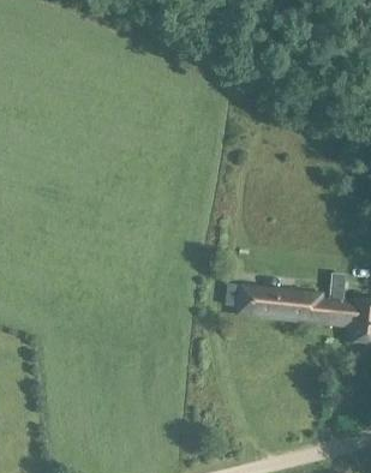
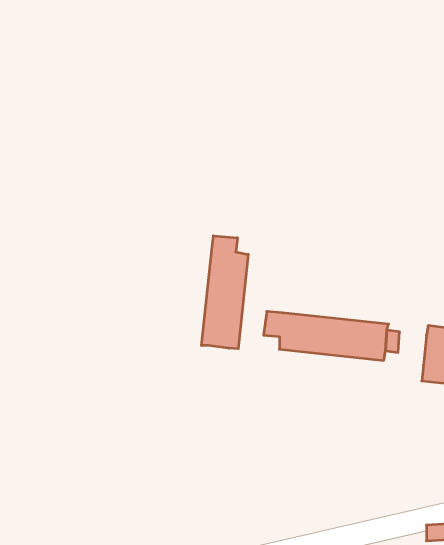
building: none -> [202,236,248,349]

